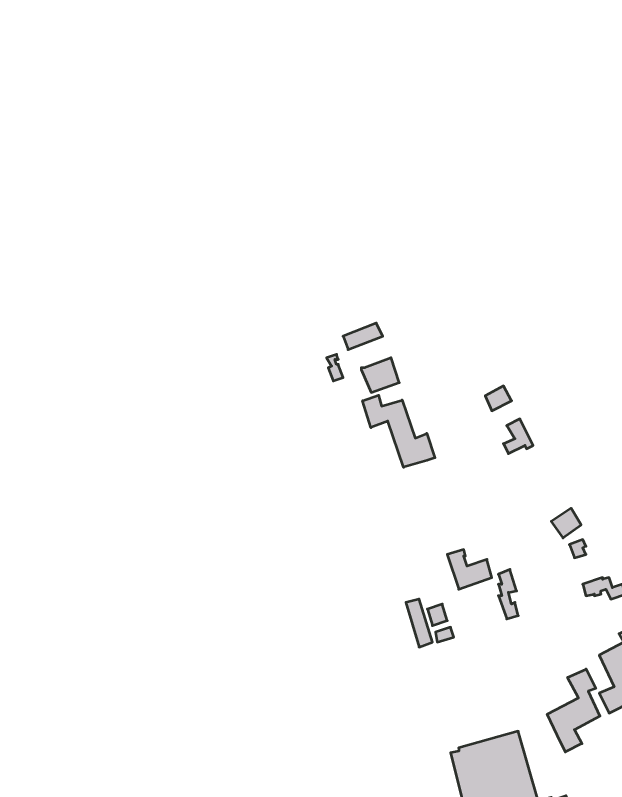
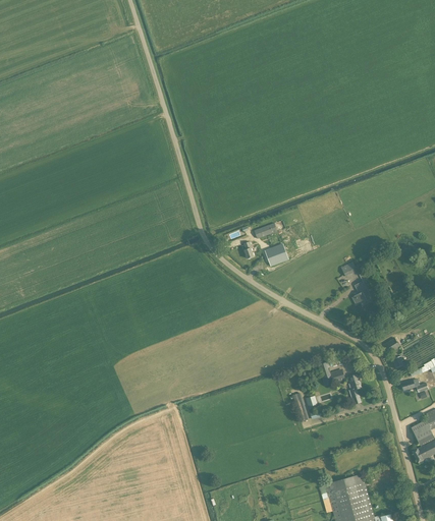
building: [363,395,435,467] -> none
building: [547,669,600,752] -> none

